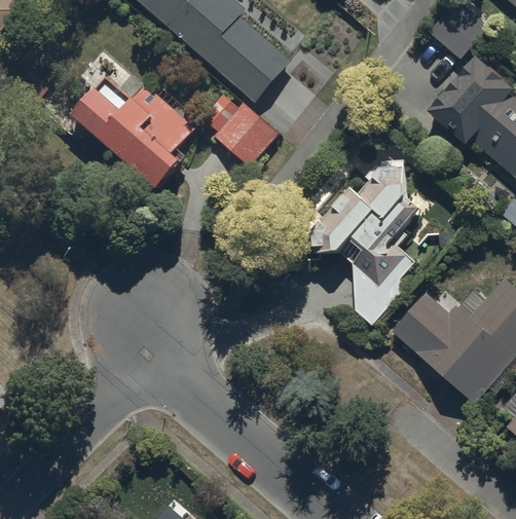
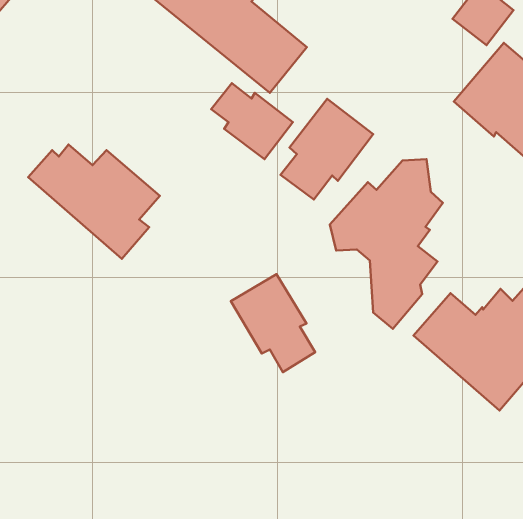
building: [71,79,195,187] -> [28,145,160,259]
building: none -> [281,99,373,200]
building: none -> [231,274,315,372]

